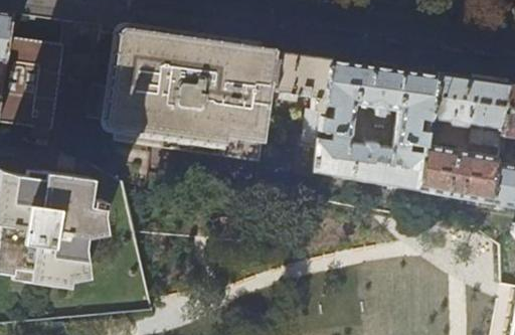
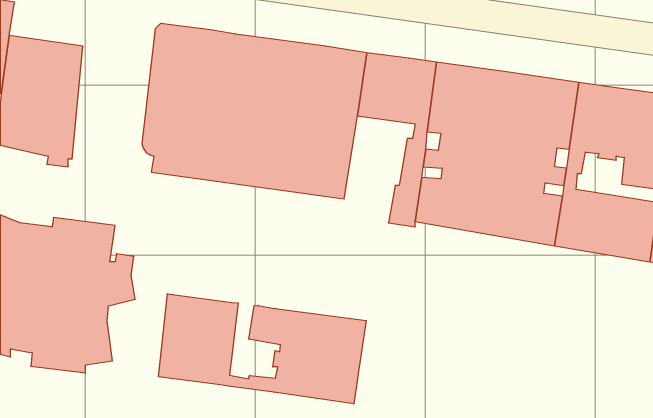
building: none -> [159,294,366,404]

